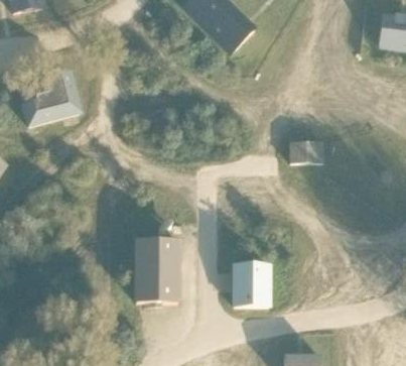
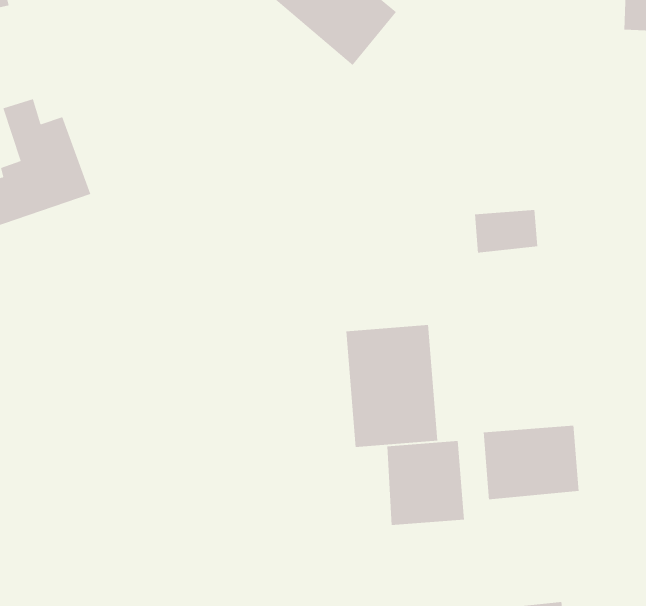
building: [134,239,179,302] -> [346,324,438,447]
building: none -> [483,425,579,500]

